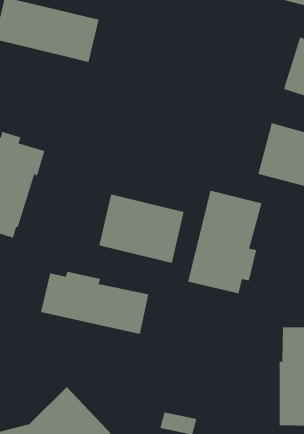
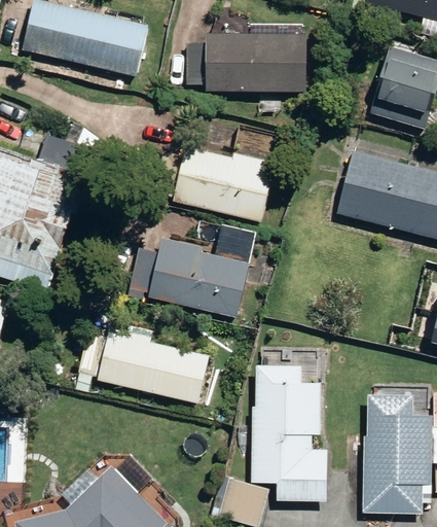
building: none -> [187,33,305,92]
building: none -> [169,125,280,221]
building: [187,190,262,294] -> none
building: none -> [253,365,326,501]

